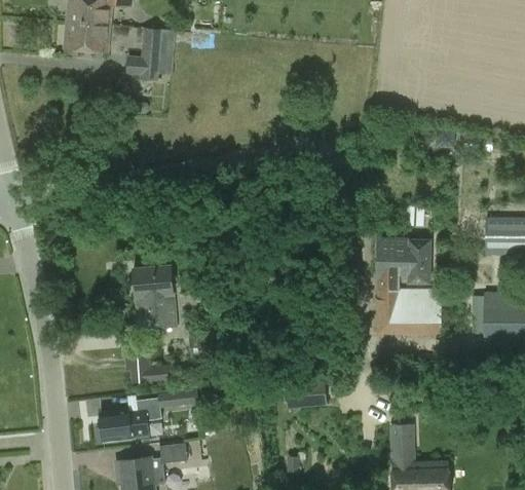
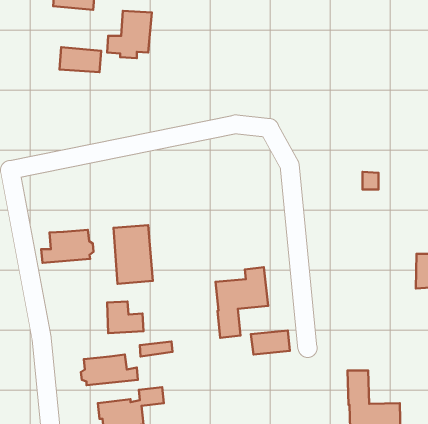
building: [65,23,111,50] -> [59,47,101,72]
building: [377,241,442,334] -> none
building: none -> [41,230,93,263]
building: none -> [216,267,268,338]

